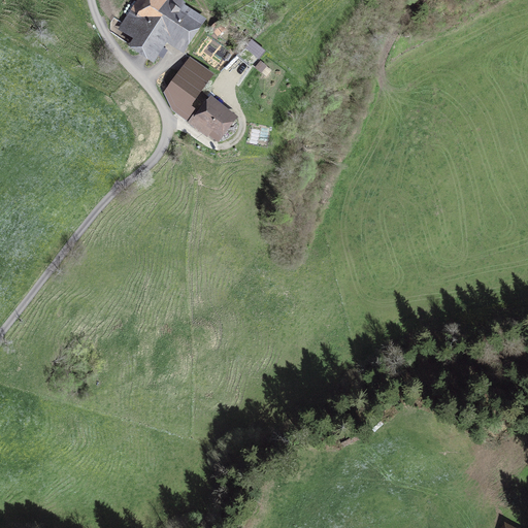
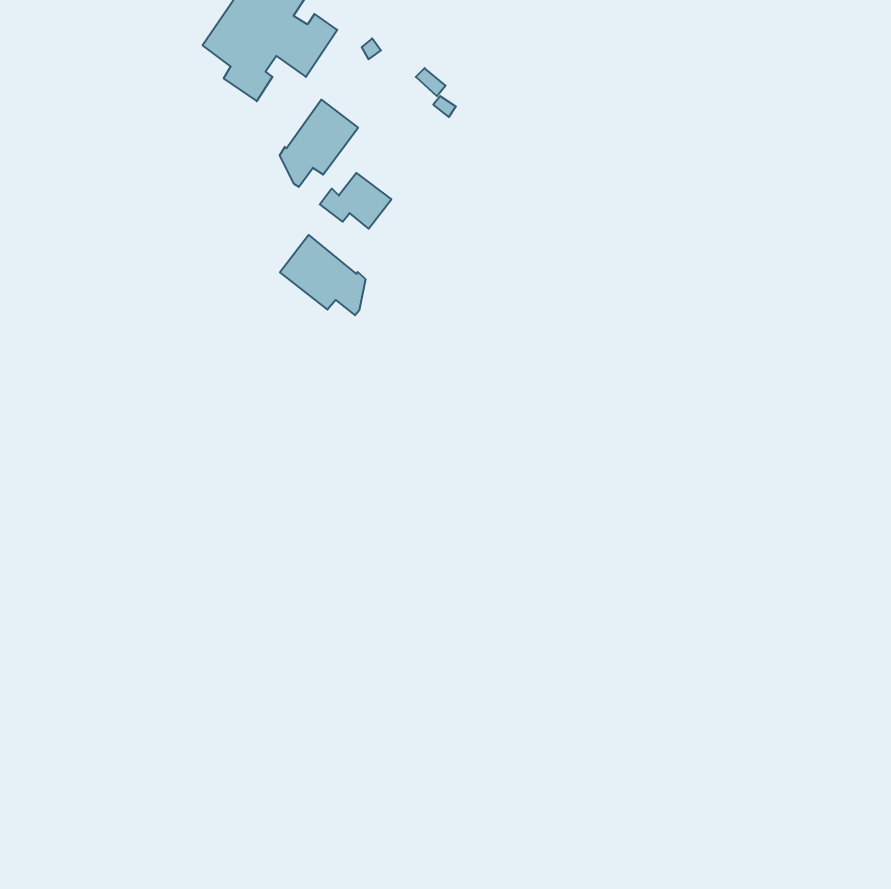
building: none -> [280,235,365,315]

